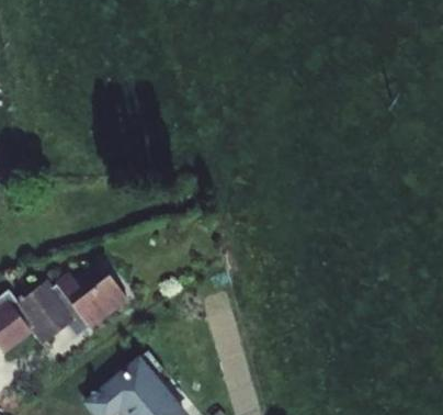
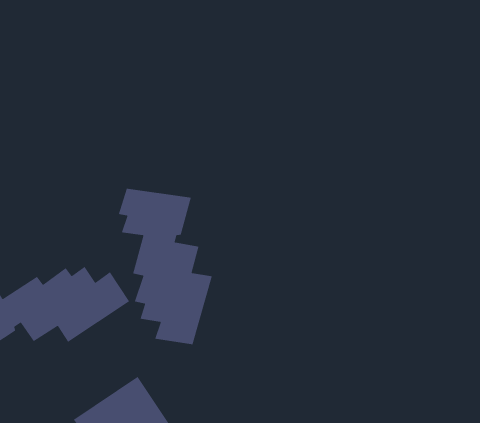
building: none -> [118,188,213,345]

